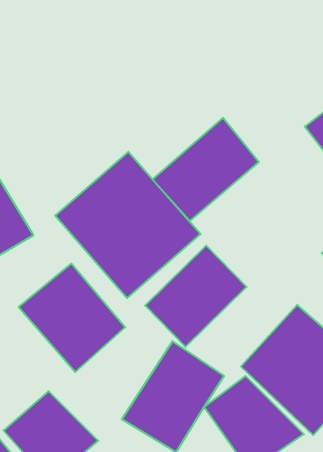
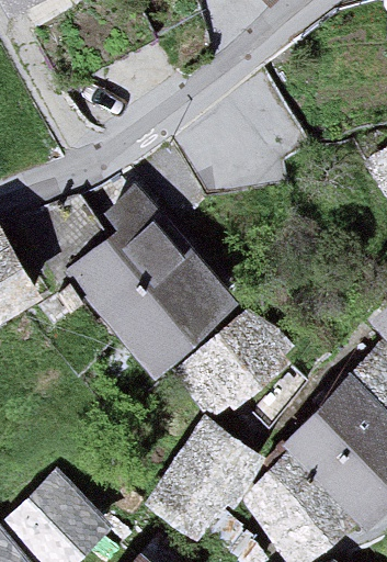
building: [153,118,259,221] -> none
building: [19,264,125,372] -> none

